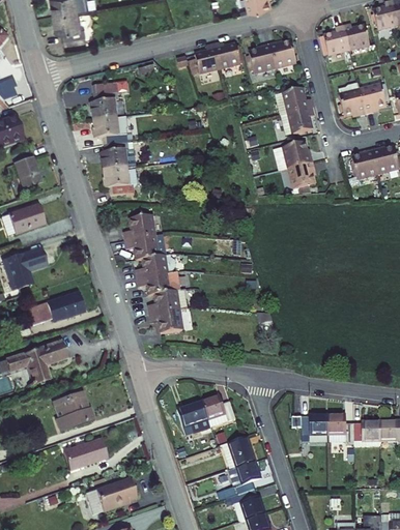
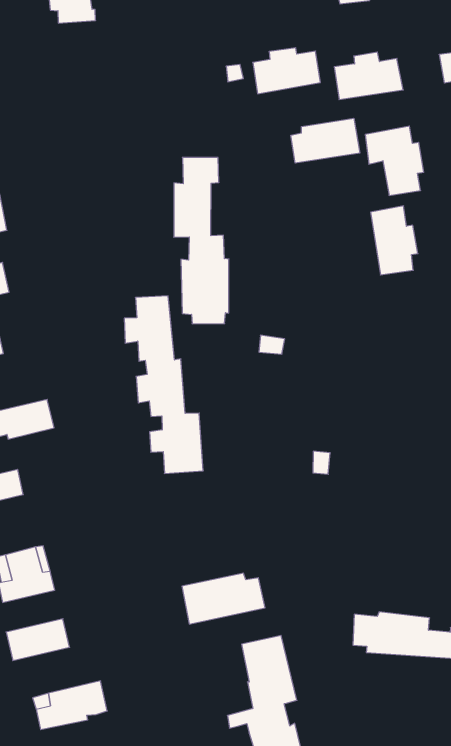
building: [90,82,135,195] -> [174,157,229,324]
building: none -> [291,118,360,163]

